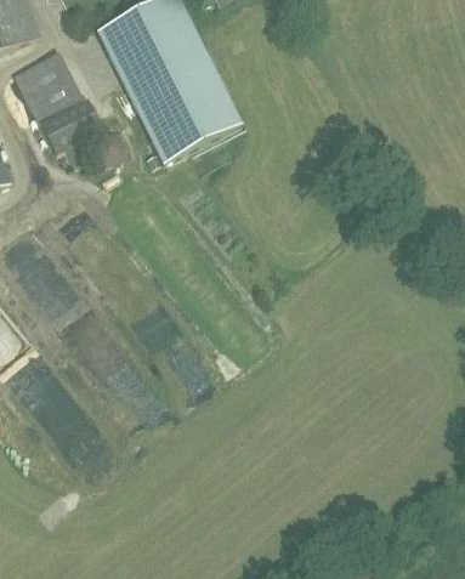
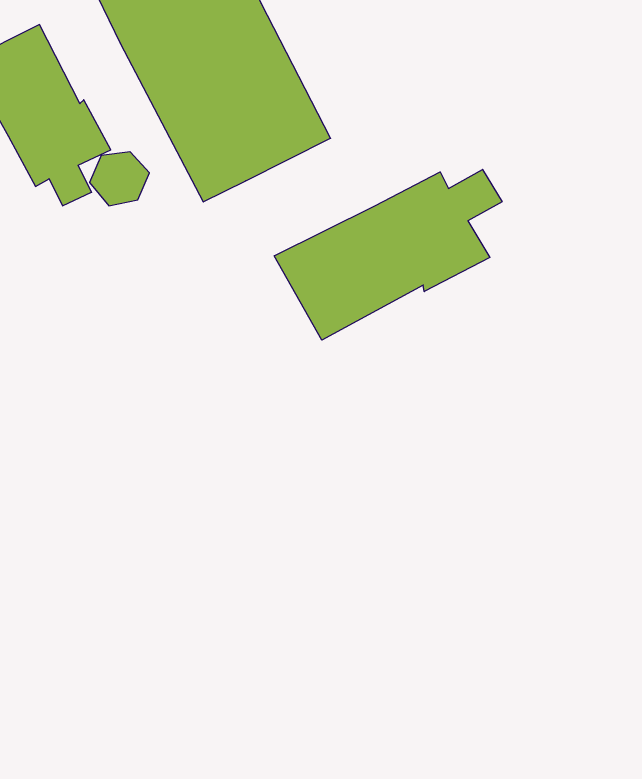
building: none -> [274,169,502,340]

